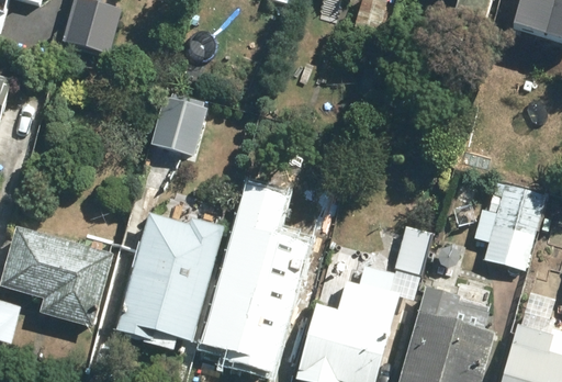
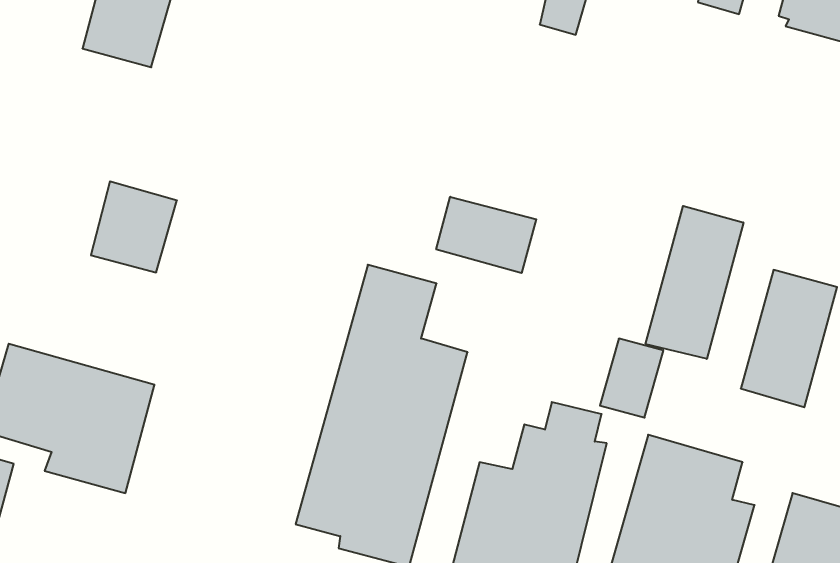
building: [151,97,206,155] -> [91,181,177,272]
building: none -> [436,197,536,273]
building: none -> [646,206,743,359]
building: [116,216,222,339] -> none

